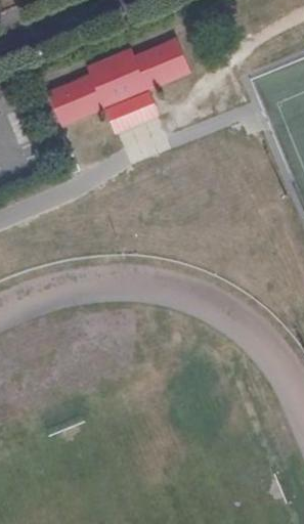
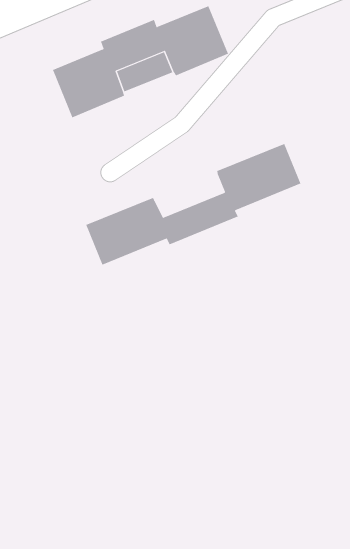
building: none -> [85,143,301,265]

